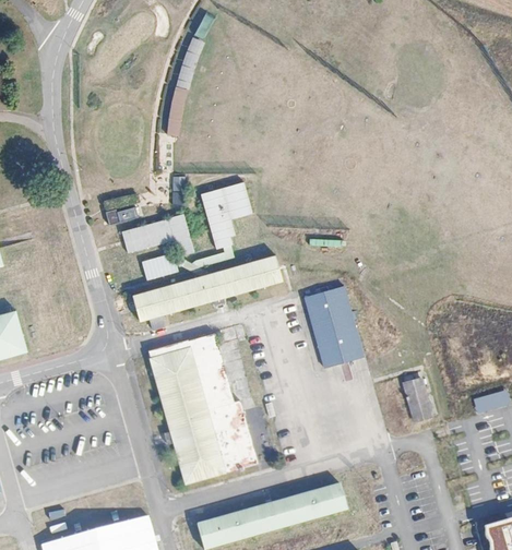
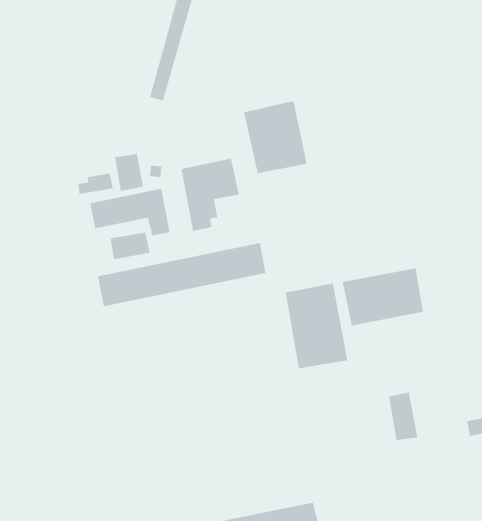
building: none -> [243,100,308,174]
building: none -> [114,153,144,192]
building: none -> [342,268,424,326]
building: [146,331,258,480] -> none

